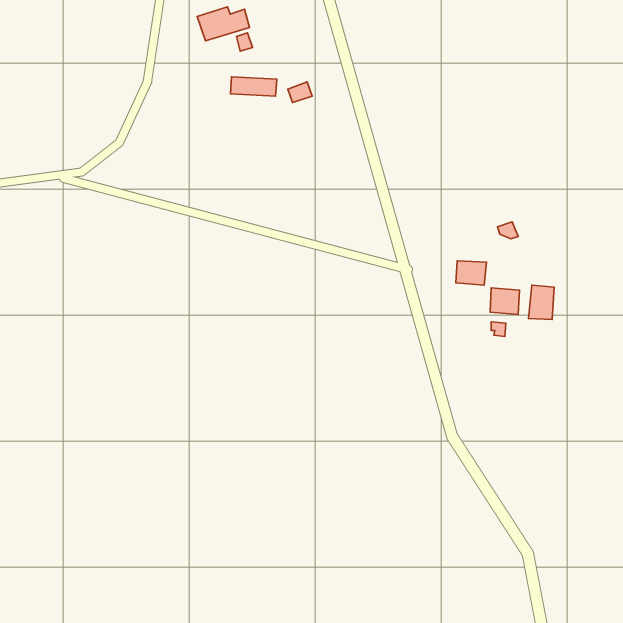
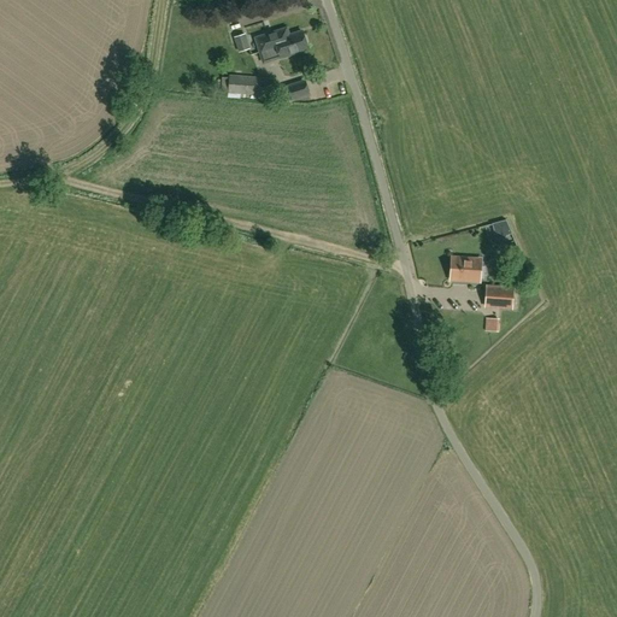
building: [197,7,250,41] -> [255,29,307,63]
building: [528,285,554,319] -> none

